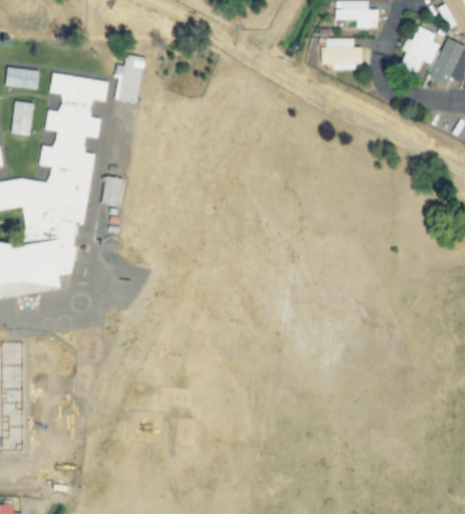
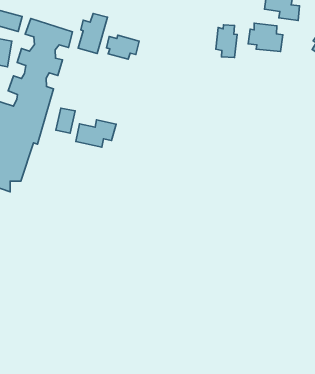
building: none -> [216,25,237,58]
building: none -> [106,35,139,59]
building: none -> [76,120,116,147]

